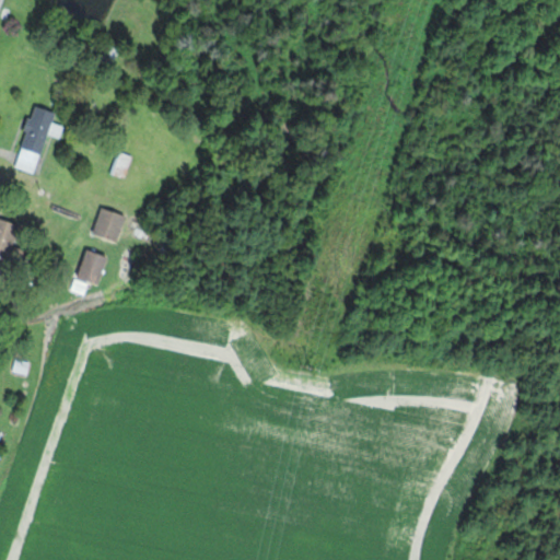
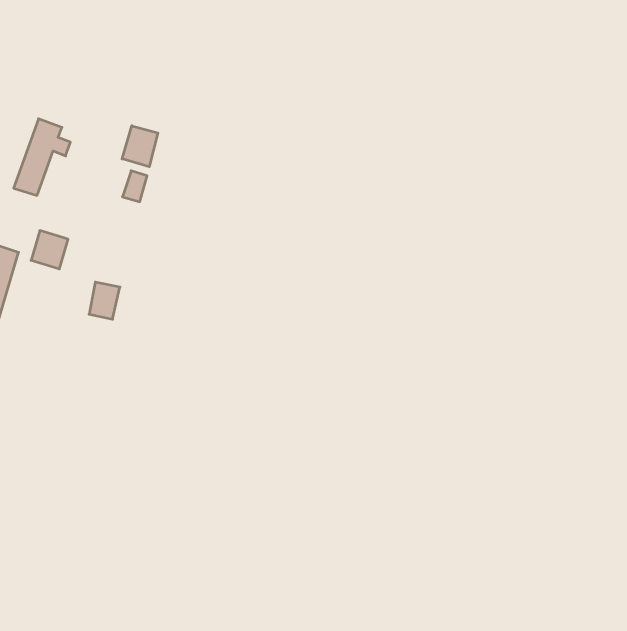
building: none -> [122,126,158,167]
building: [92,208,125,242] -> [31,231,68,269]

